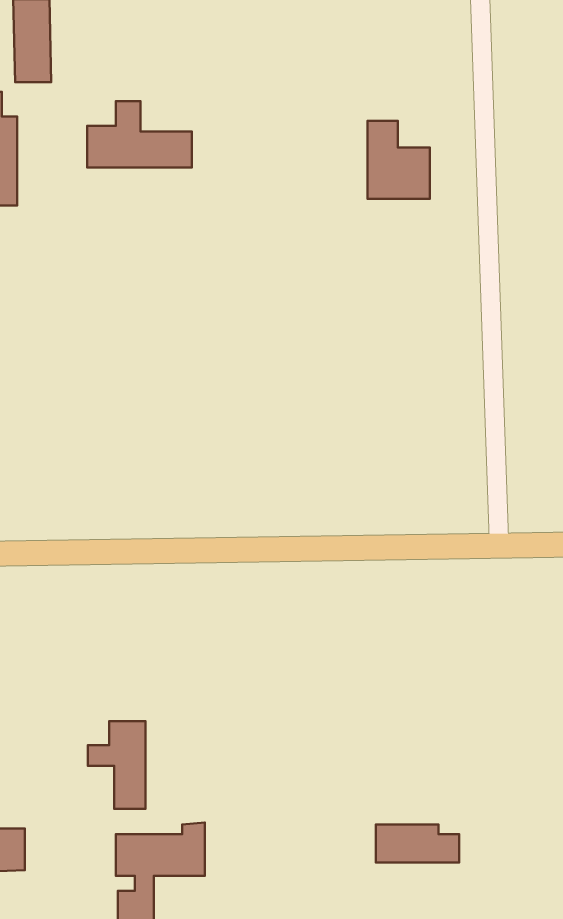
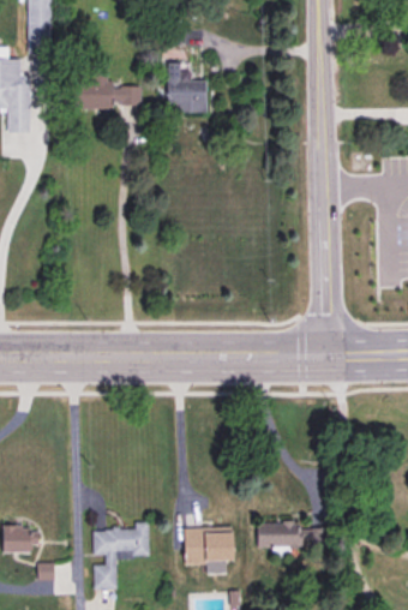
building: [367,121,430,199] -> [168,62,208,112]
building: [88,721,145,809] -> none
building: none -> [184,530,233,562]

